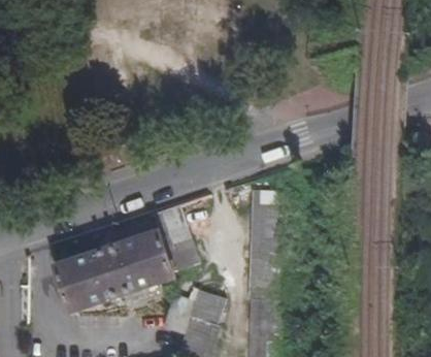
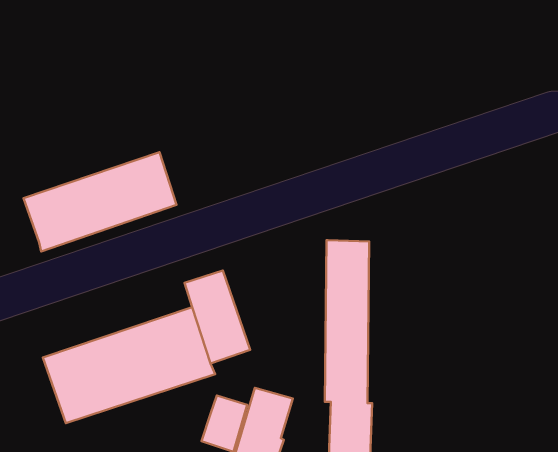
building: none -> [23,152,176,252]

